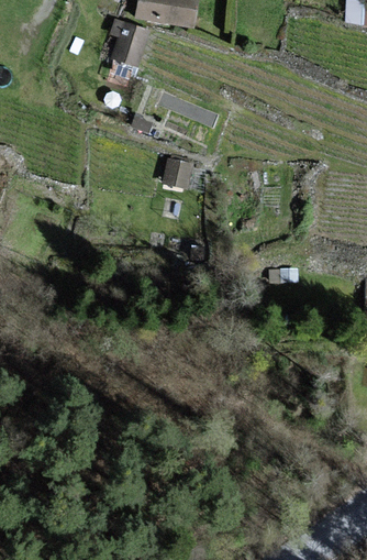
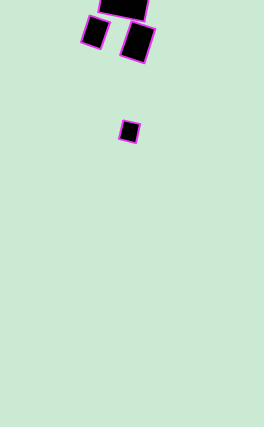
building: none -> [120,21,155,63]

